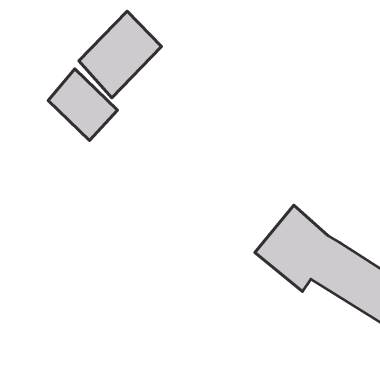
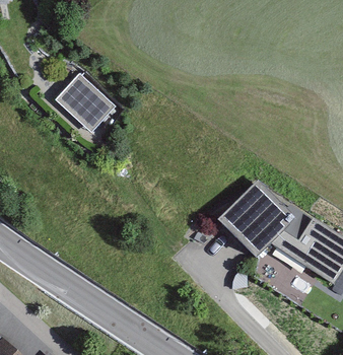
building: [79,11,161,98] -> none

